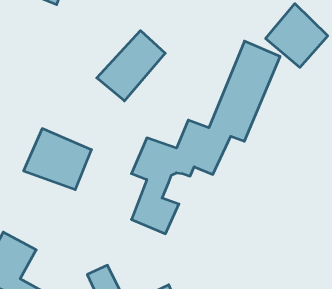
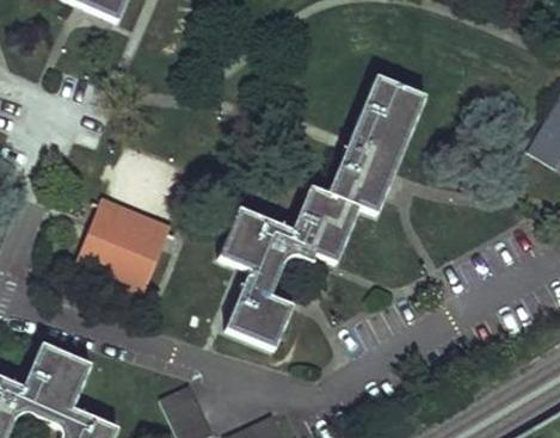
building: [266,4,328,67] -> none
building: [97,31,165,101] -> none

